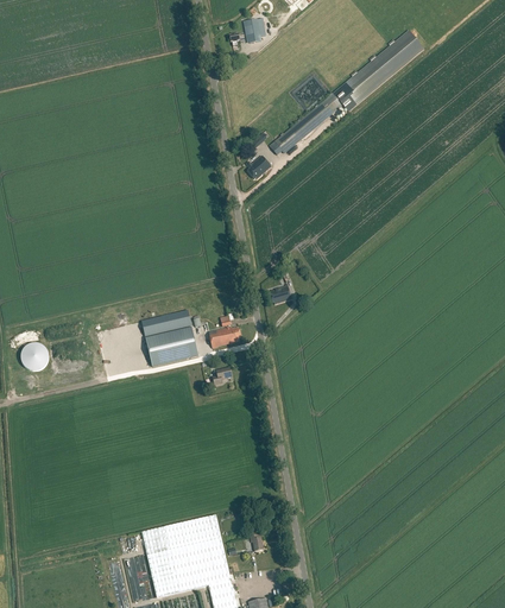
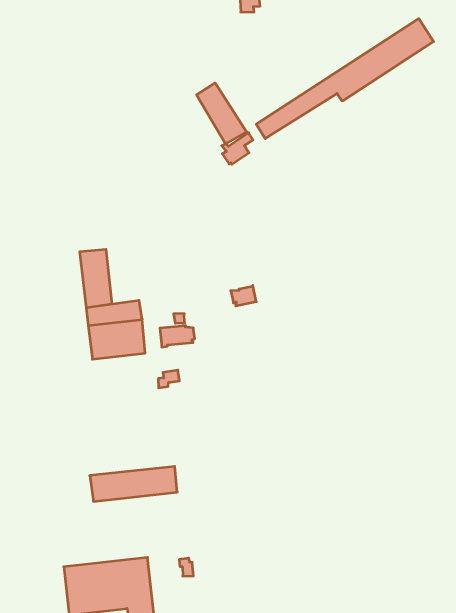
building: none -> [197,83,247,144]
building: none -> [80,249,112,308]
building: [140,514,220,553] -> [90,466,177,501]

